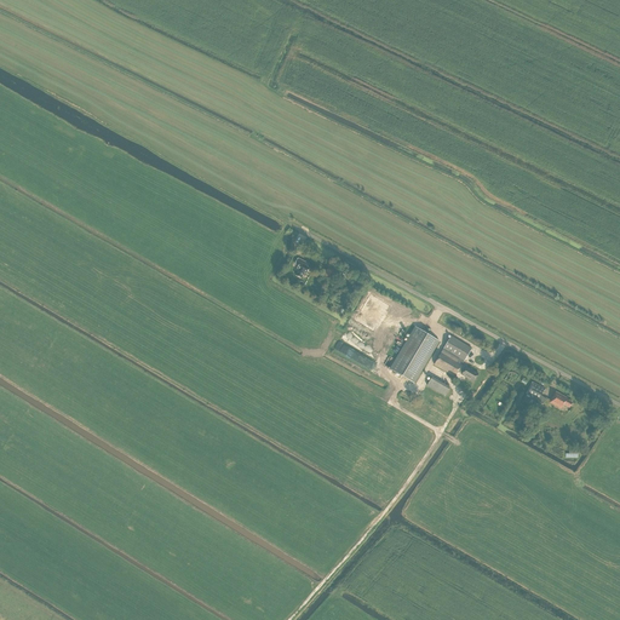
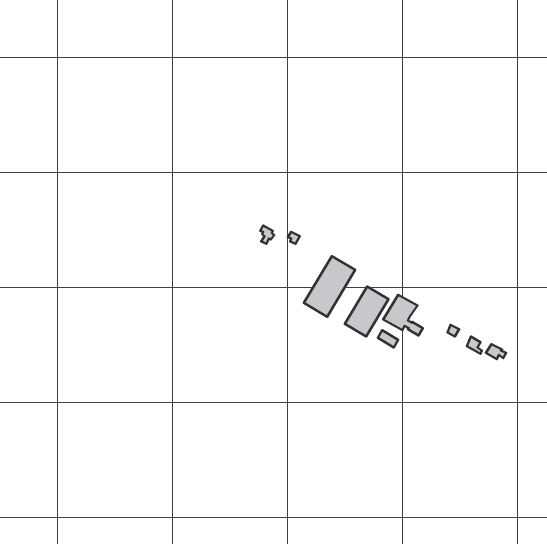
building: none -> [304,256,355,317]

